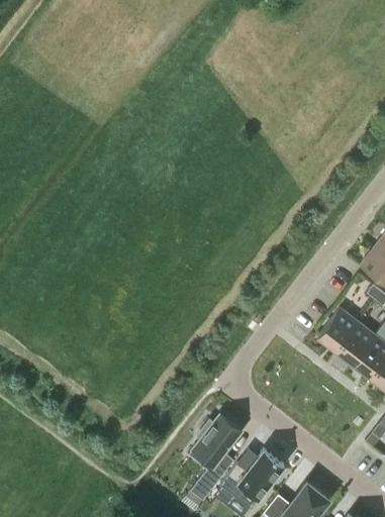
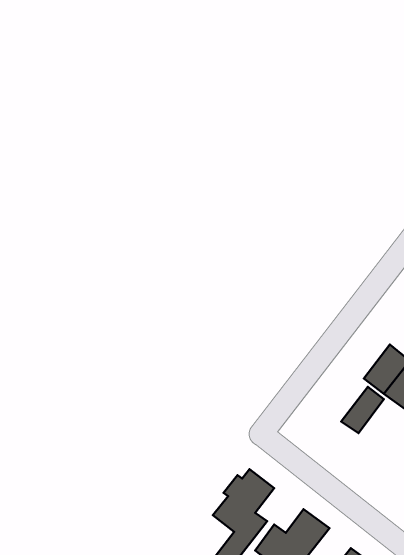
building: none -> [341,387,384,433]

